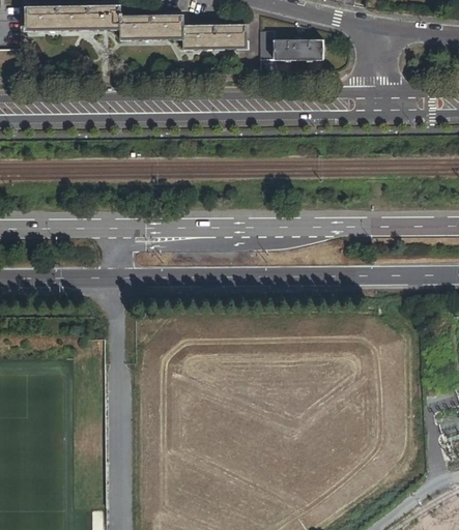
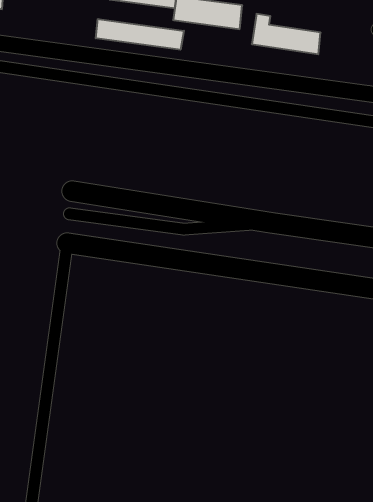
building: none -> [96,19,184,50]

